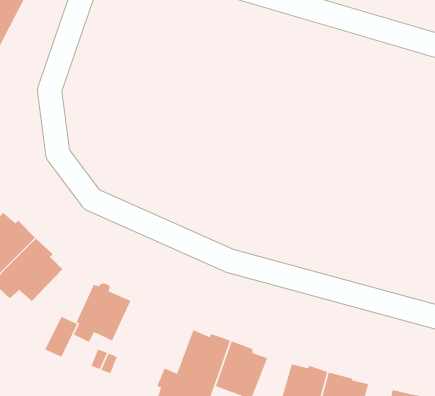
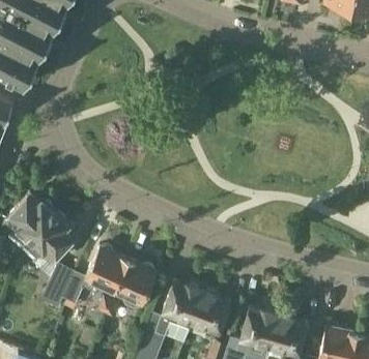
building: none -> [114,260,157,307]
building: none -> [46,264,75,297]

